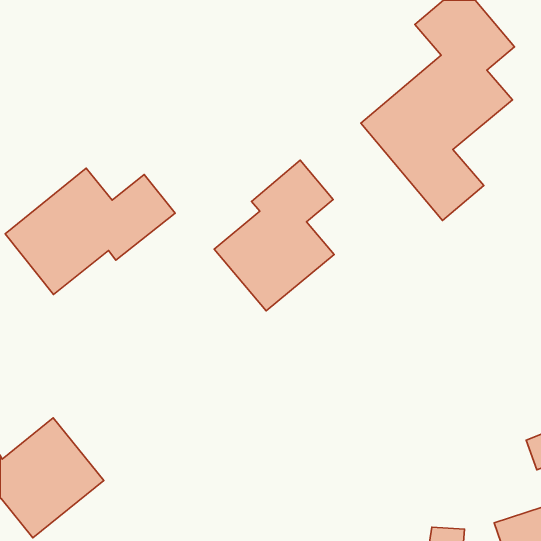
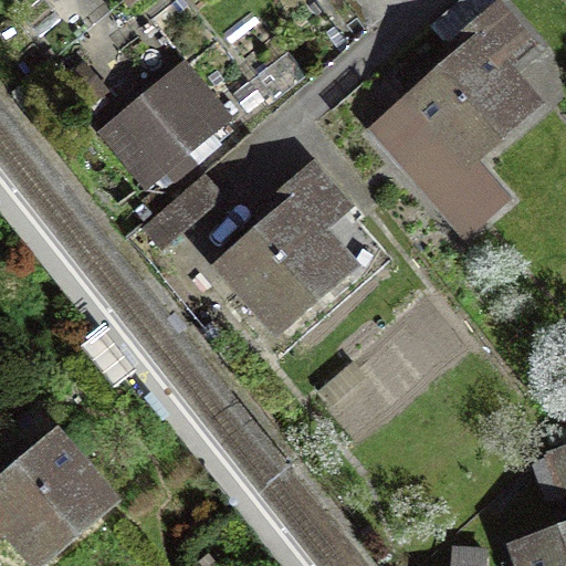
building: none -> [101,64,228,185]
building: [5,168,175,295] -> none

